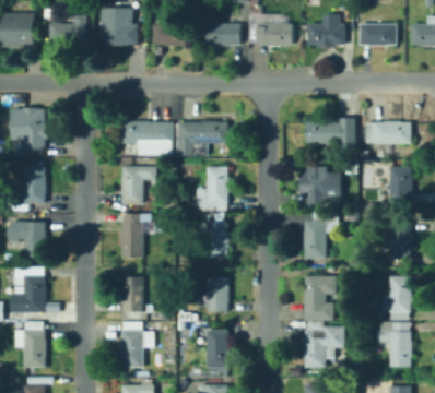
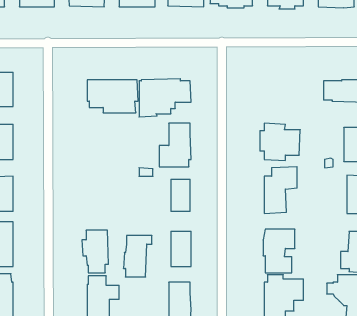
building: [304,117,354,145] -> none
building: [122,165,156,204] -> none
building: [119,213,149,255] -> [123,236,152,277]

